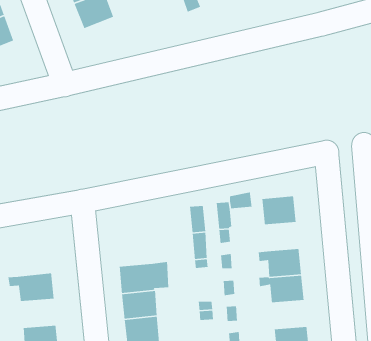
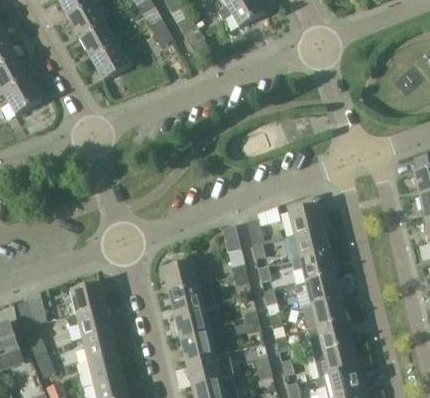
building: none -> [294,228,329,258]
building: none -> [161,261,197,292]
building: none -> [70,283,107,315]
building: none -> [82,331,118,361]
building: none -> [303,298,347,331]

